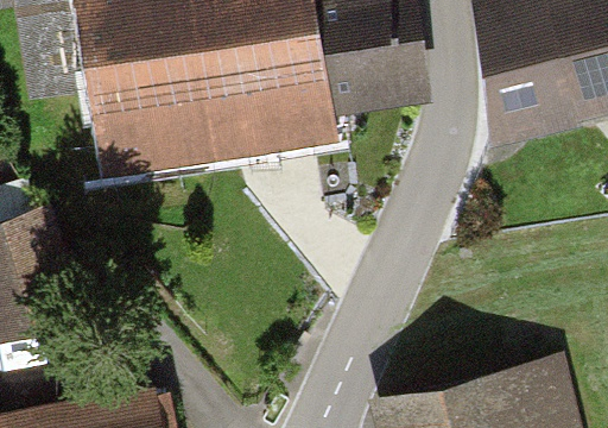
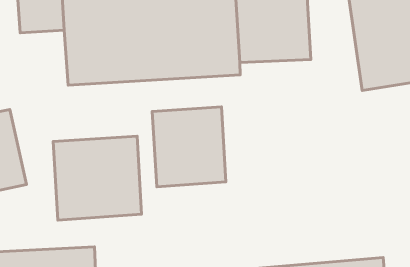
building: none -> [152,107,226,187]
building: none -> [53,136,142,220]

